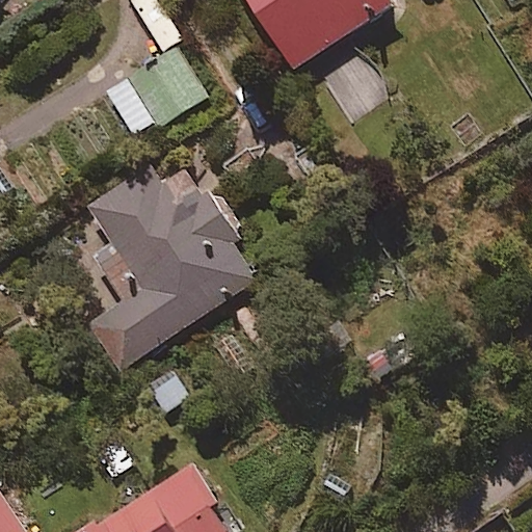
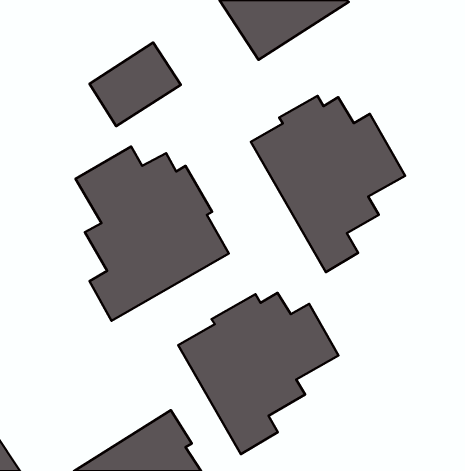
building: none -> [251,96,405,272]
building: none -> [178,293,338,454]

